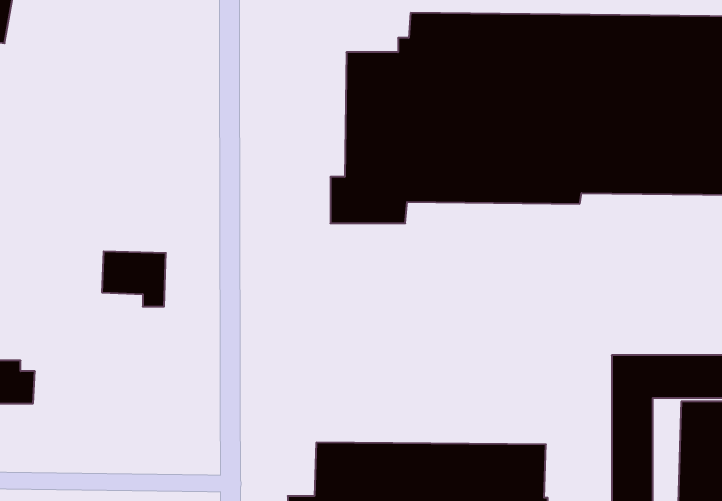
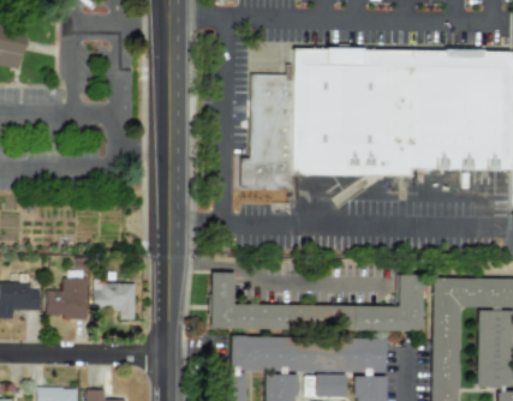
building: [102,251,166,307] -> [94,282,137,319]
building: none -> [210,271,423,330]
building: none -> [47,279,89,317]

